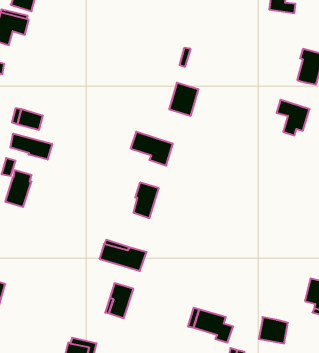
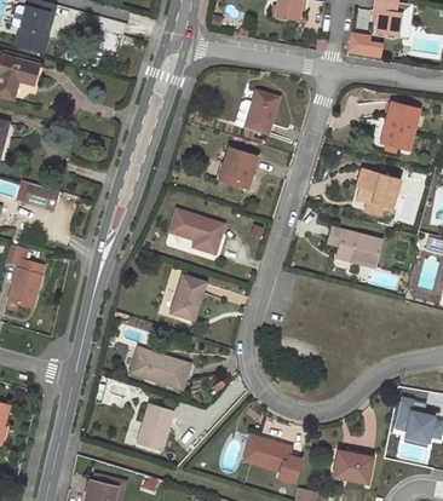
building: none -> [246,91,278,132]
building: [10,134,52,160] -> none
building: none -> [328,228,380,265]

